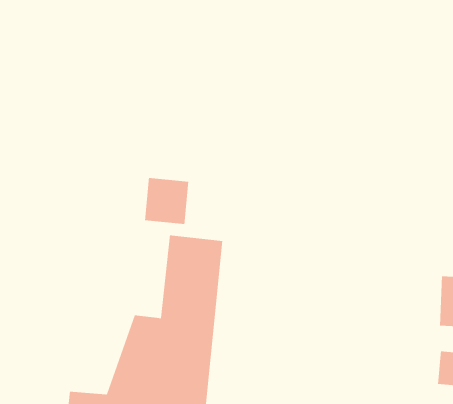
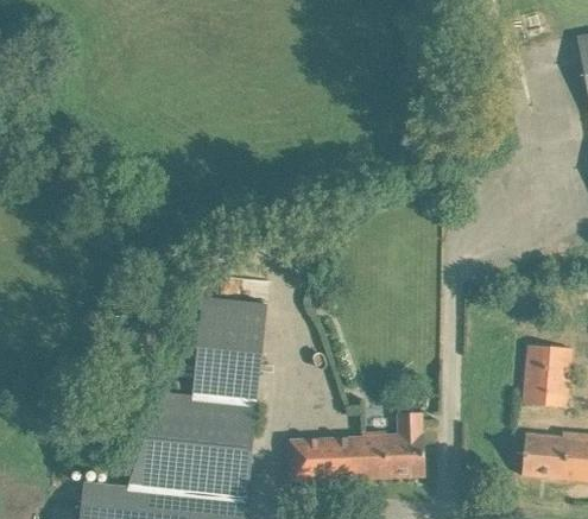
building: [145,177,189,225] -> none
building: none -> [287,414,424,482]

